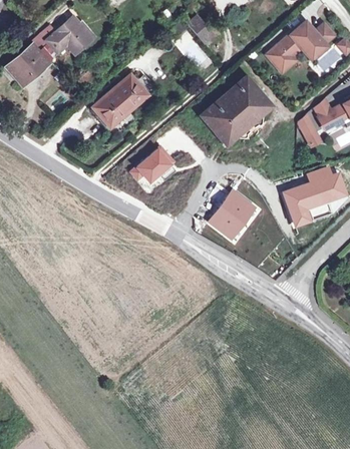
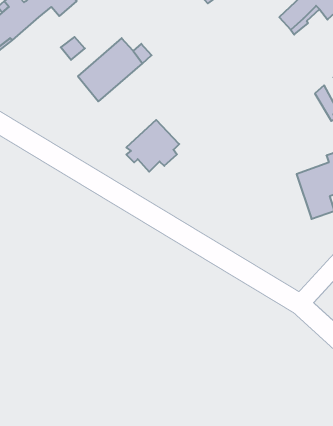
building: [203,78,271,144] -> none
building: [209,188,259,240] -> none

